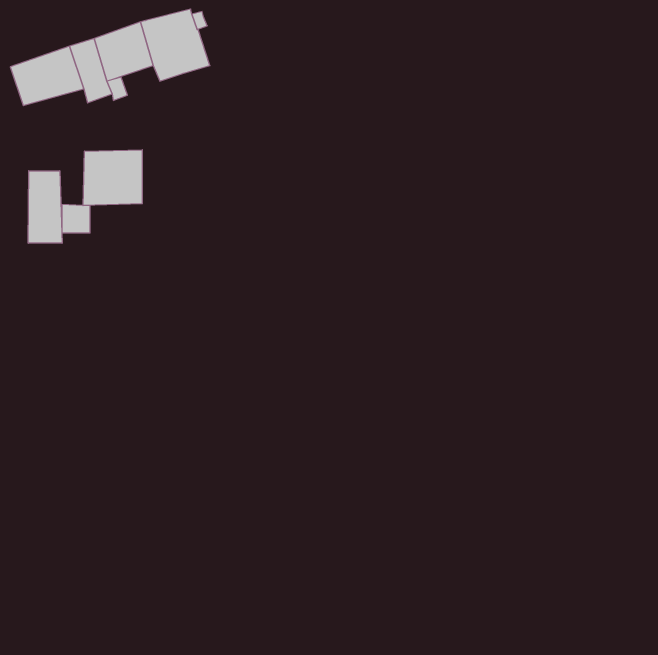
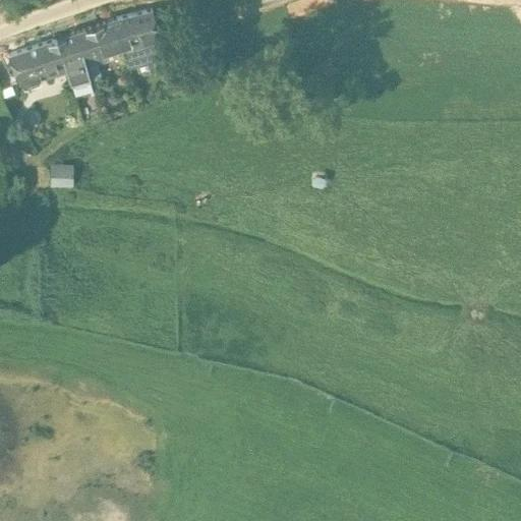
building: [83,150,142,206] -> none
building: [28,171,62,243] -> none

